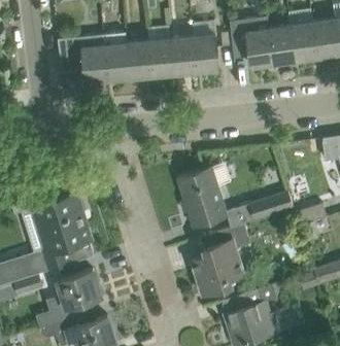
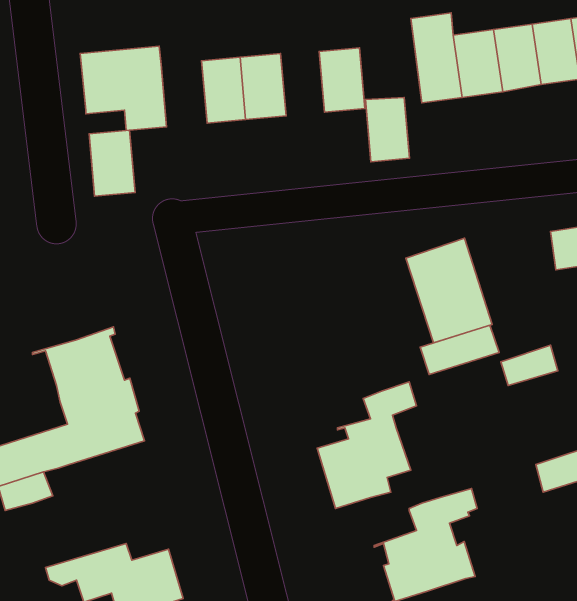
building: [171,37,196,73] -> [365,98,410,162]
building: [104,42,130,79] -> [89,130,135,196]
building: [178,167,227,226] -> [406,238,492,343]
building: [36,269,102,326] -> none

